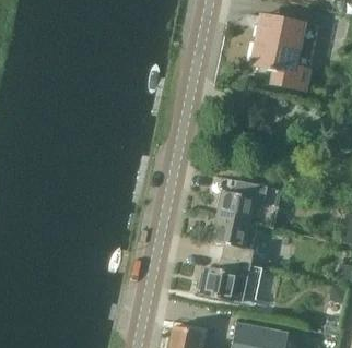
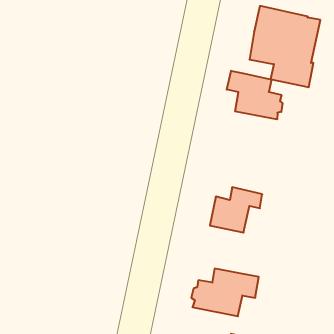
building: none -> [227,71,283,119]
building: [210,219,257,265] -> none

